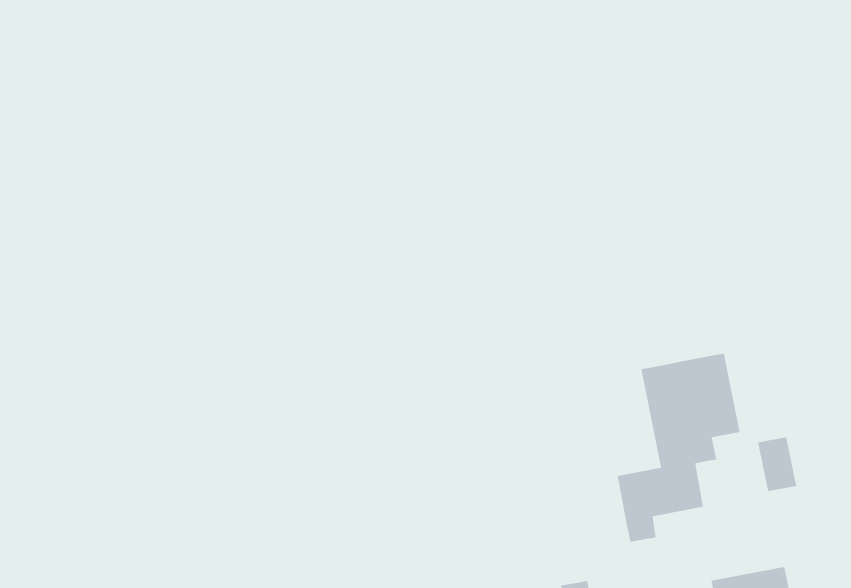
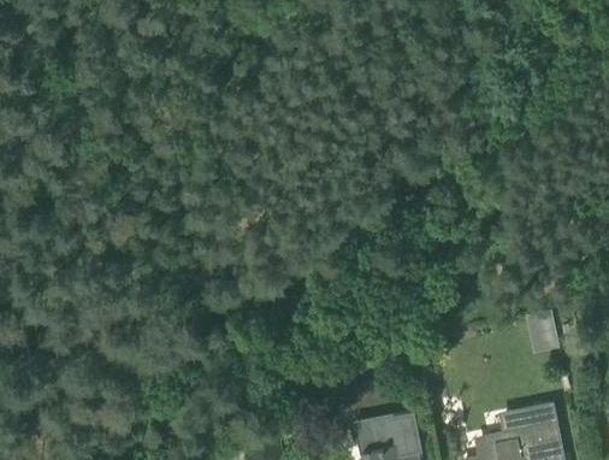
building: [617,353,741,543] -> none

